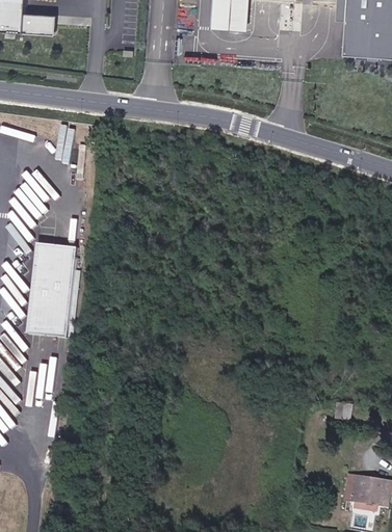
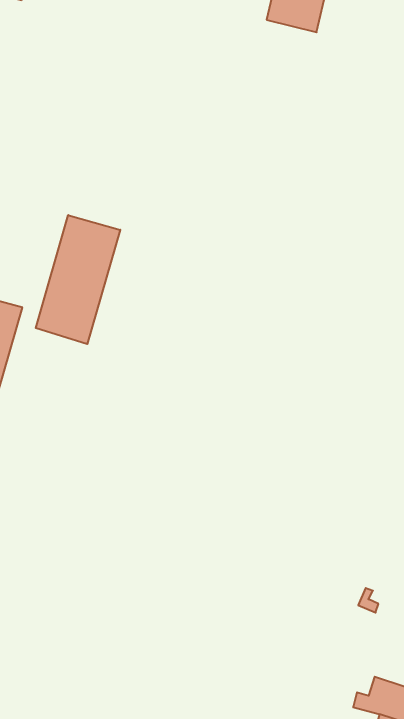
building: none -> [36,215,120,344]

